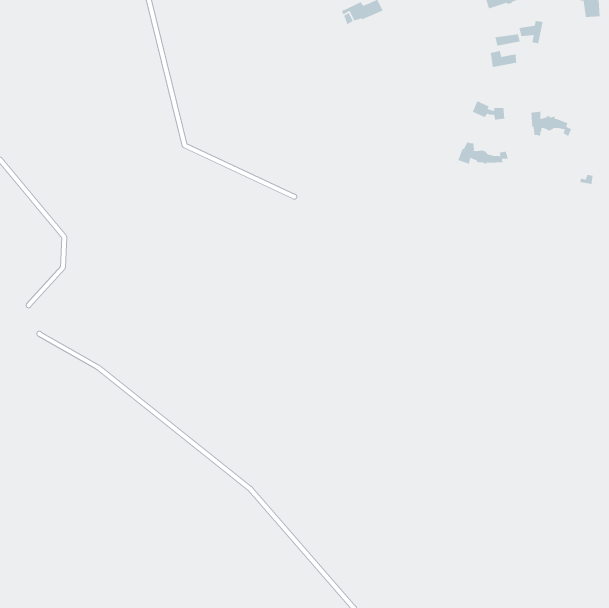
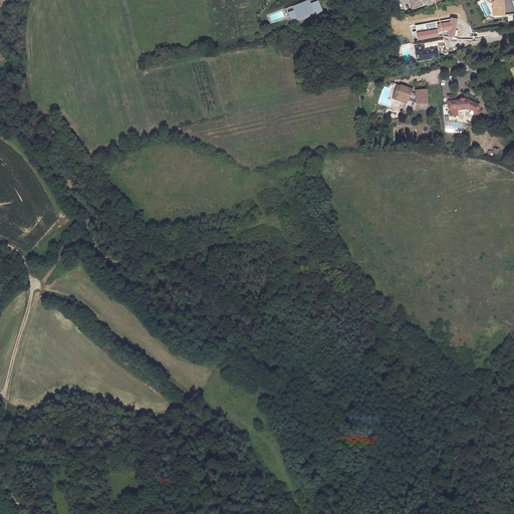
building: [457,142,509,165] -> none

